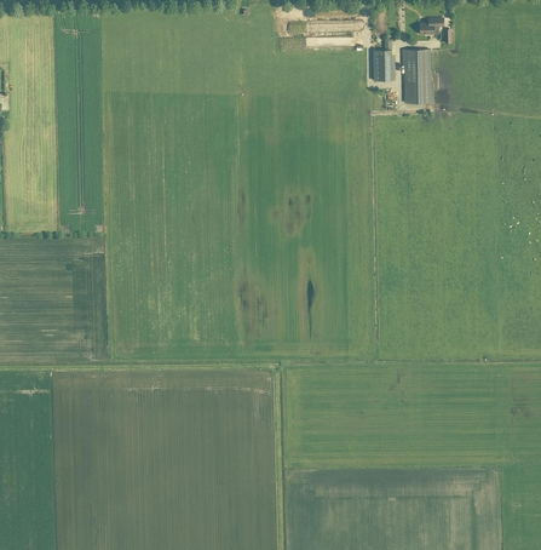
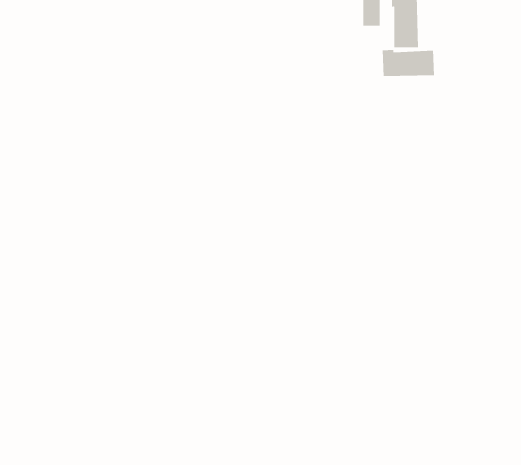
building: none -> [382,49,435,77]

